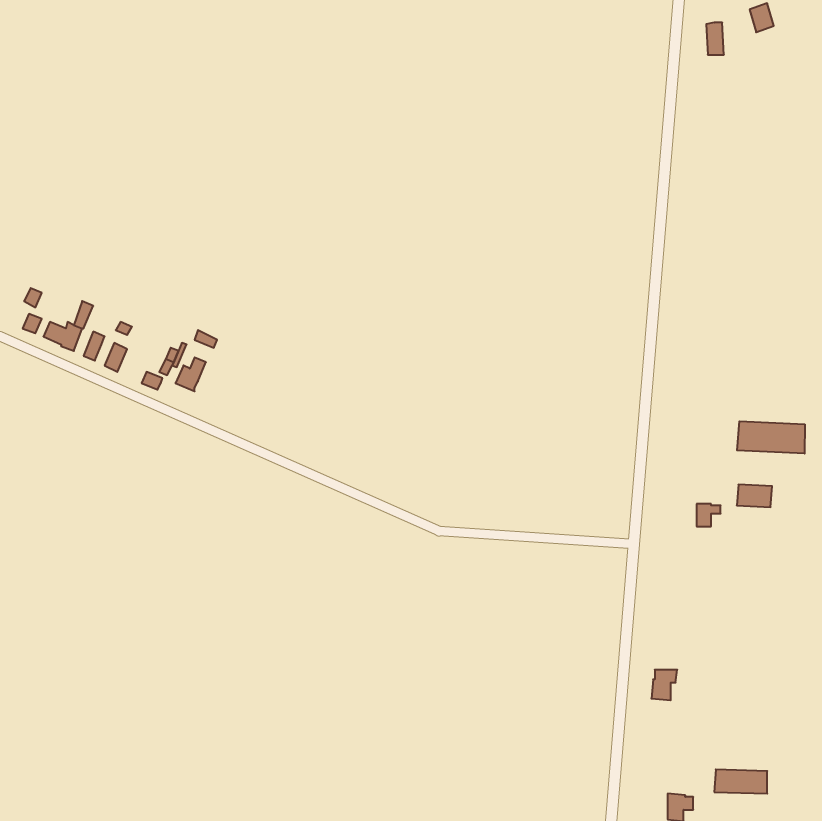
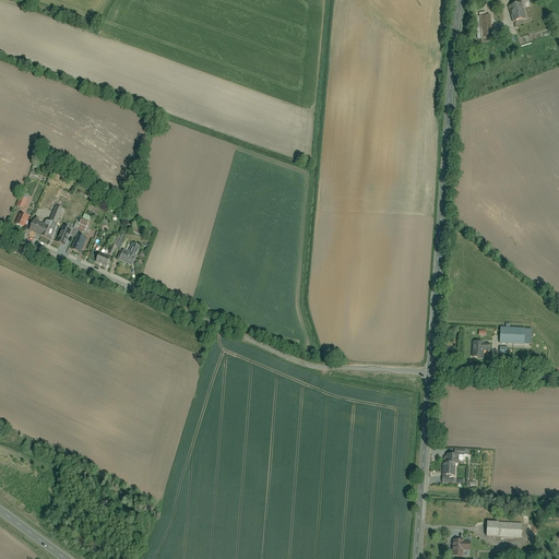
building: [737,421,805,454] -> none

